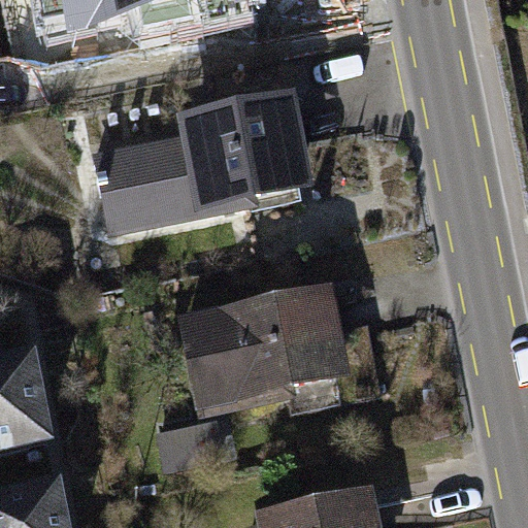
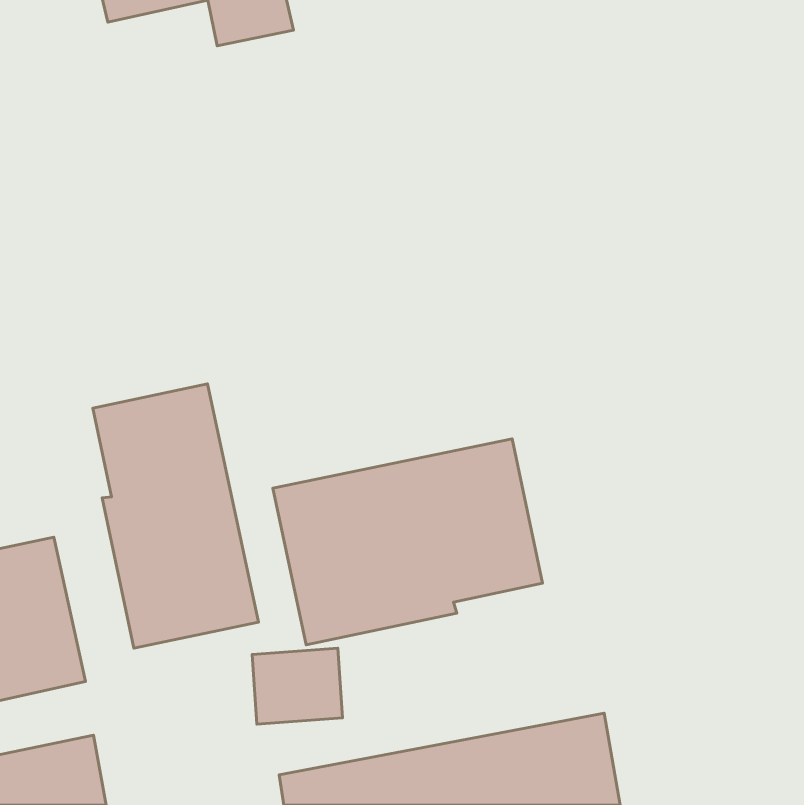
building: [92,94,314,236] -> none
building: none -> [93,384,259,648]

